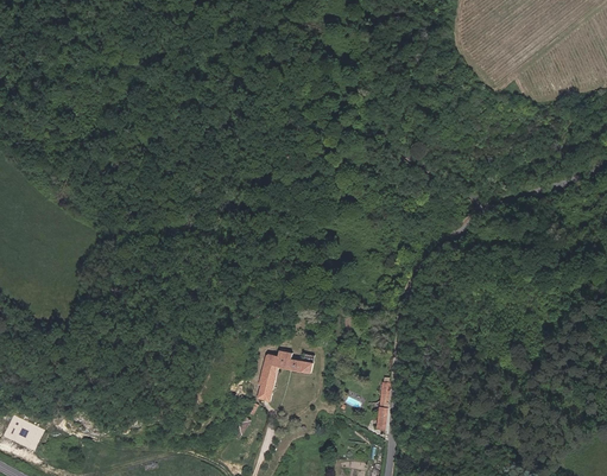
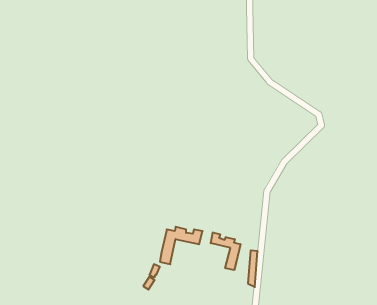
building: none -> [211,232,240,270]

